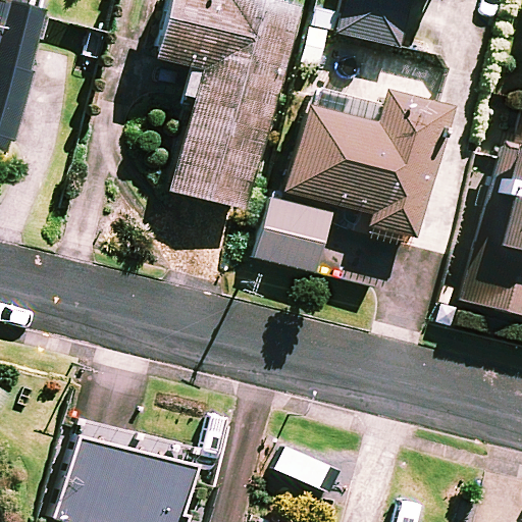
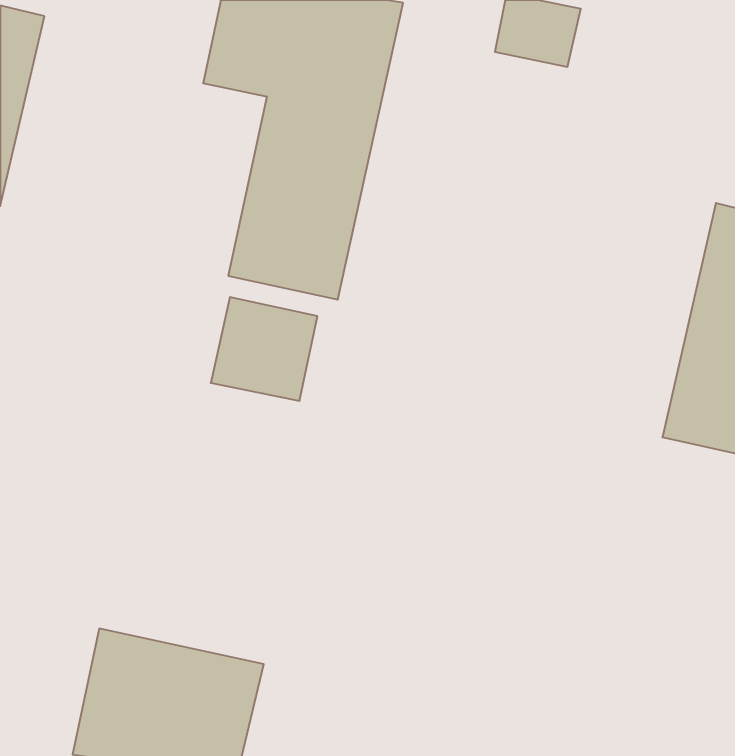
building: [288,91,450,241] -> none
building: [261,200,334,271] -> [211,297,317,401]

